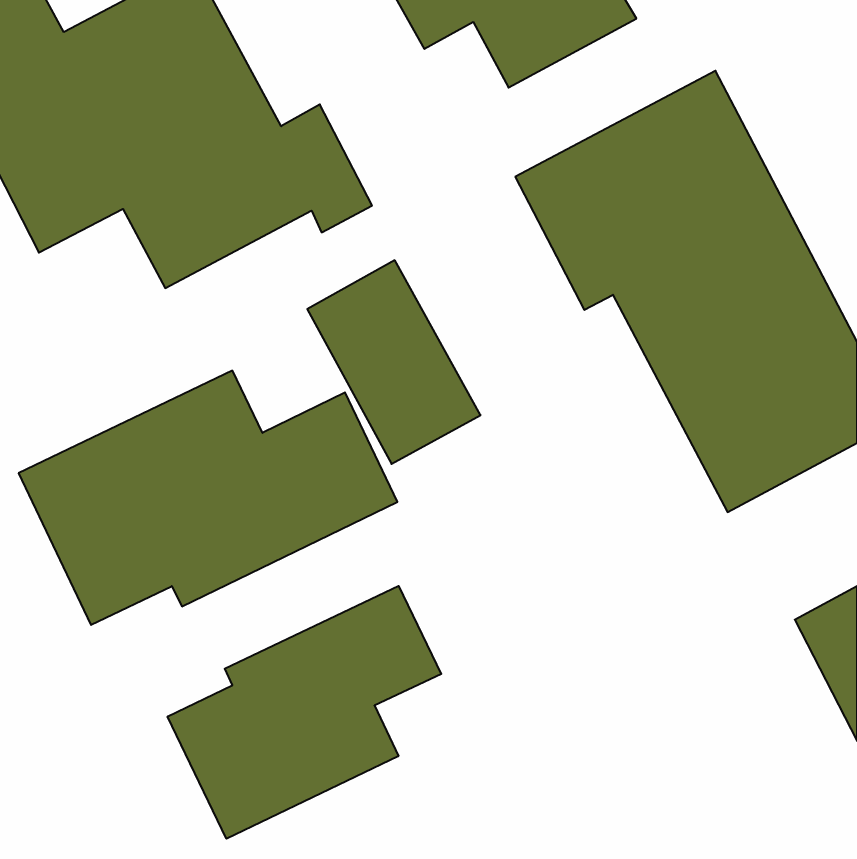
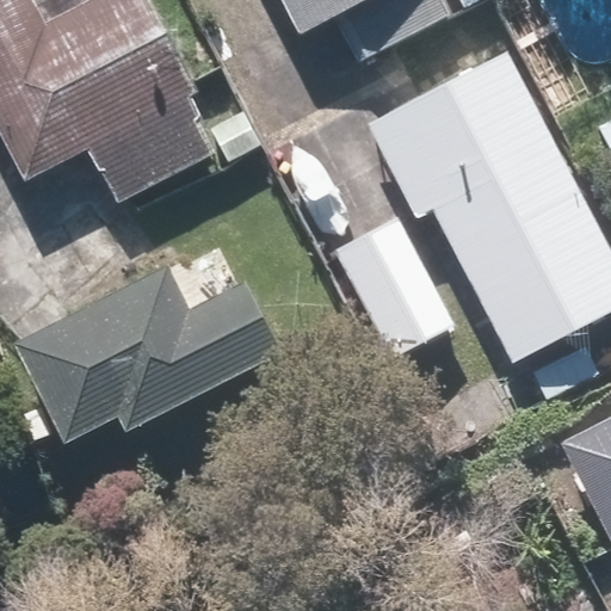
building: [307,260,481,464] -> [332,215,455,359]
building: [168,586,441,839] -> none

